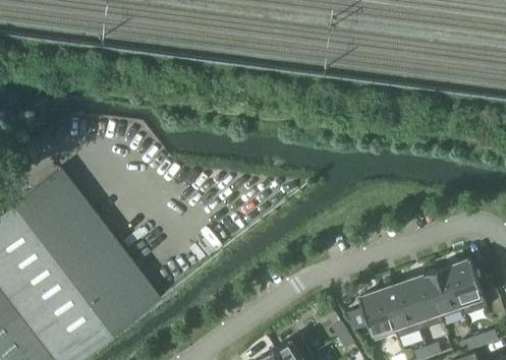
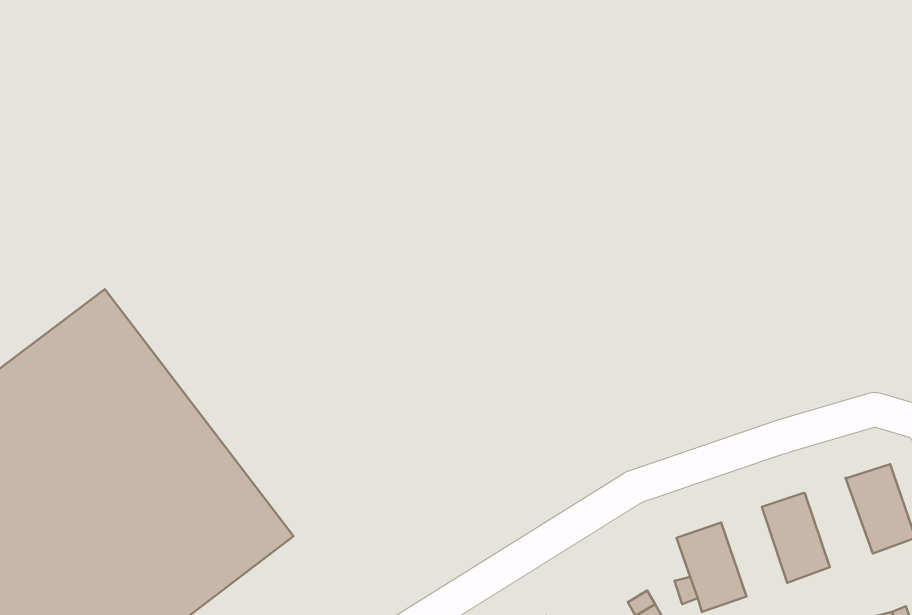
building: [426,268,461,315] -> none
building: [382,284,416,331] -> none

